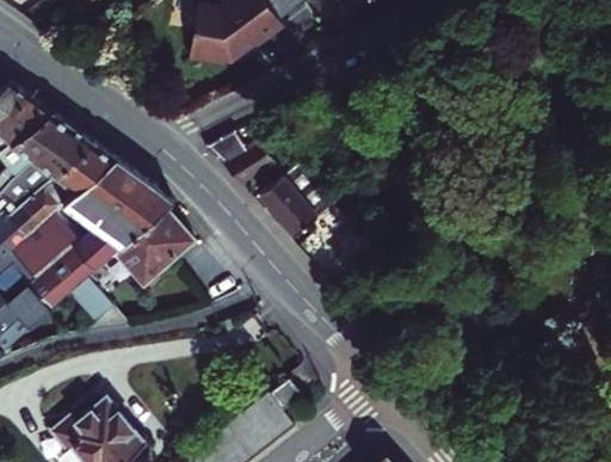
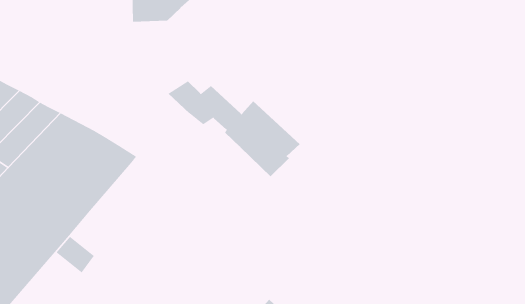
building: [111,212,191,289] -> none

